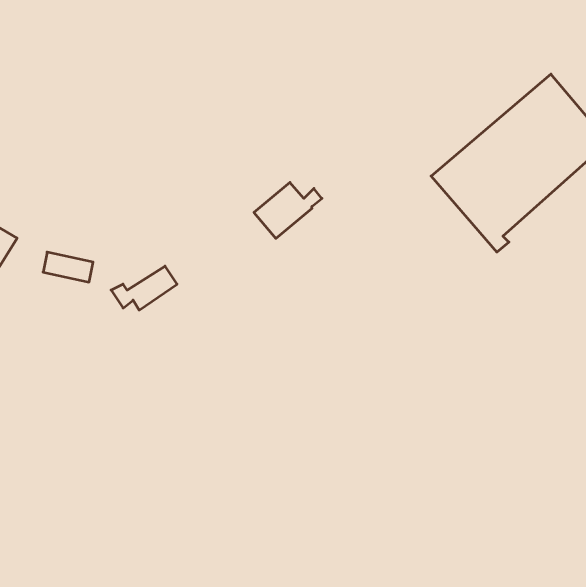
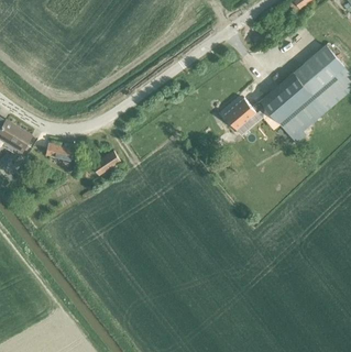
building: [254,182,322,238] -> [224,98,262,129]

